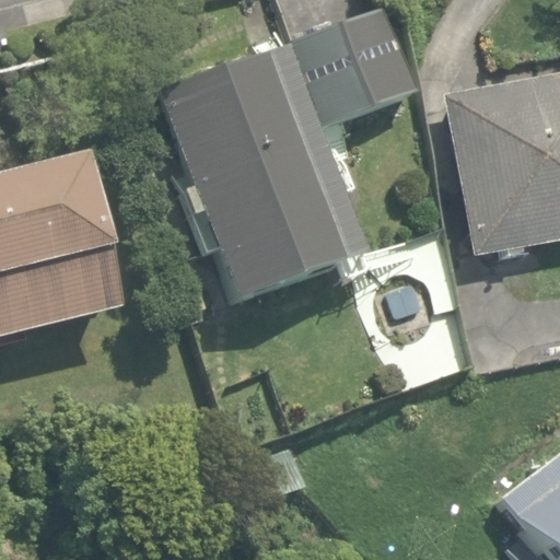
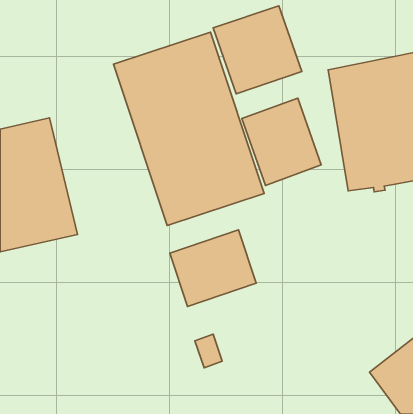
building: none -> [242,98,321,185]
building: none -> [170,230,256,307]

